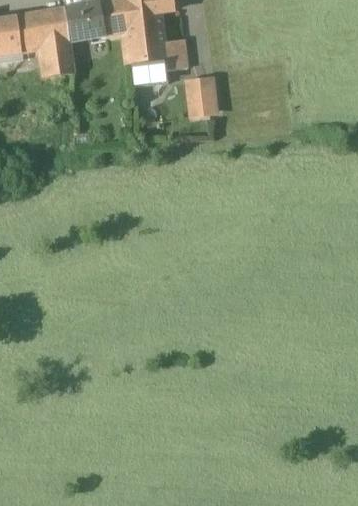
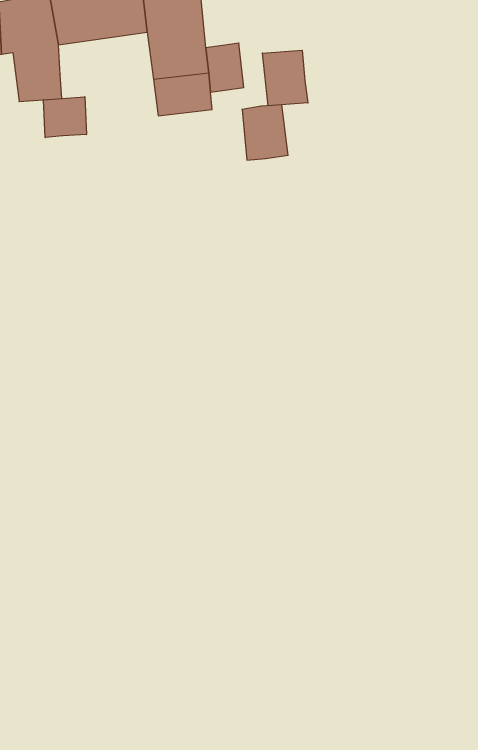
building: none -> [262,50,308,106]
building: none -> [44,97,86,138]

